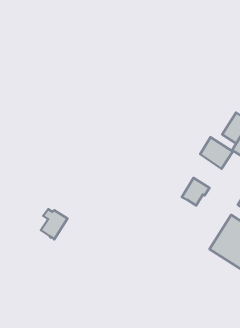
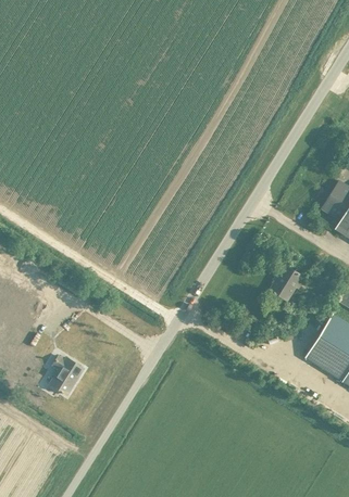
building: [200,137,233,169] -> none
building: [41,209,68,239] -> [50,357,85,396]

